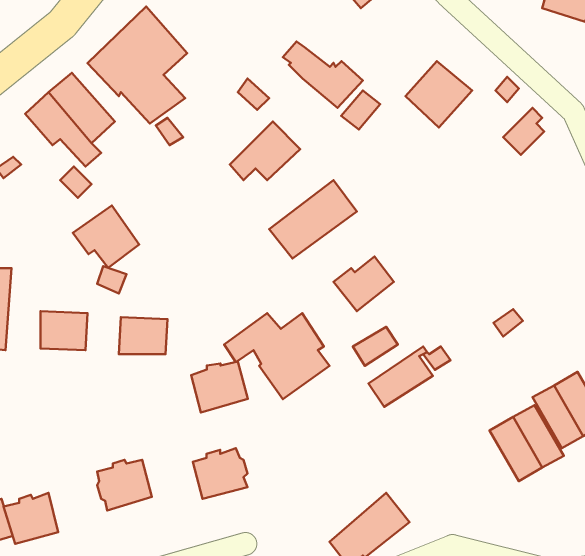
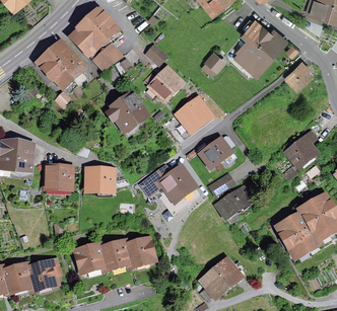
building: [283,41,363,108] -> [243,20,284,55]
building: [73,205,139,268] -> [110,99,144,132]
building: none -> [284,133,316,169]
building: [191,362,248,412] -> [100,243,130,269]

